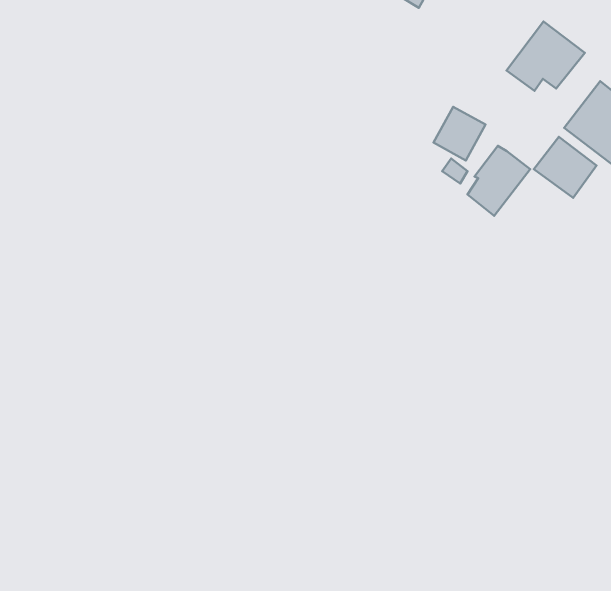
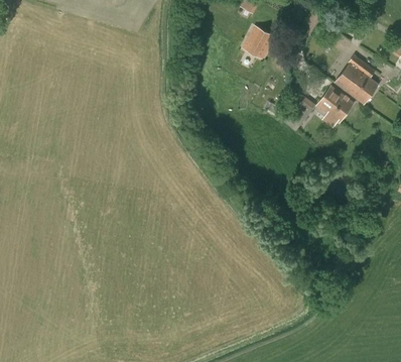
building: [506,21,585,91] -> none
building: [433,107,485,161] -> [243,28,272,58]

